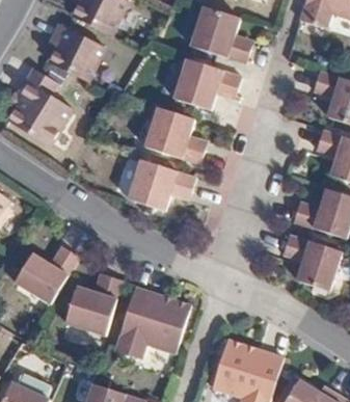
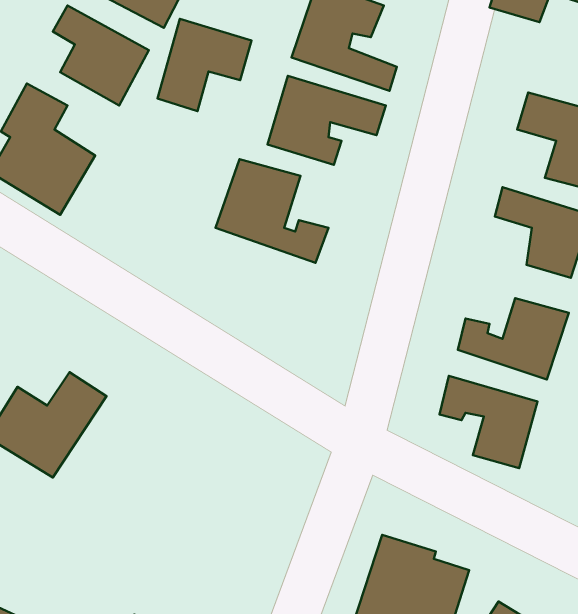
building: none -> [158,19,251,111]
building: [125,167,190,215] -> none
building: [70,263,131,324] -> none
building: [120,274,189,347] -> none

